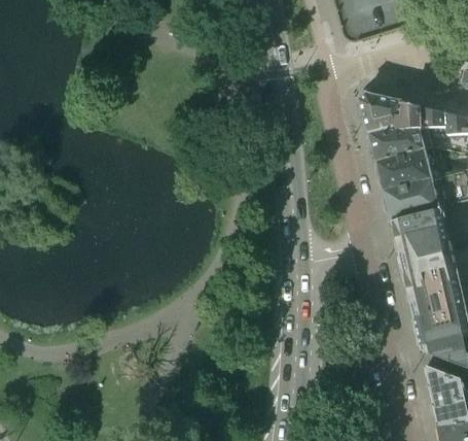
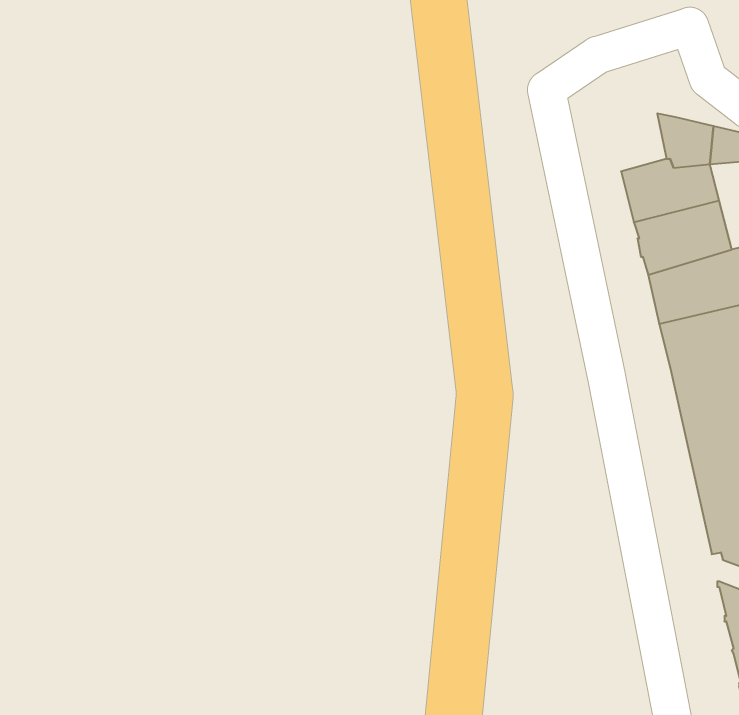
building: [359,93,395,132] -> none

